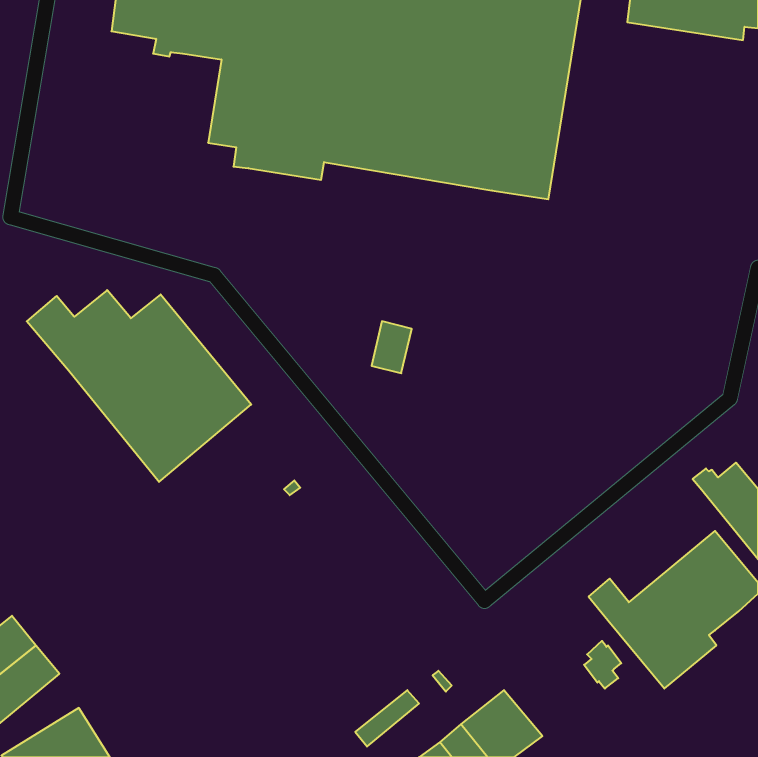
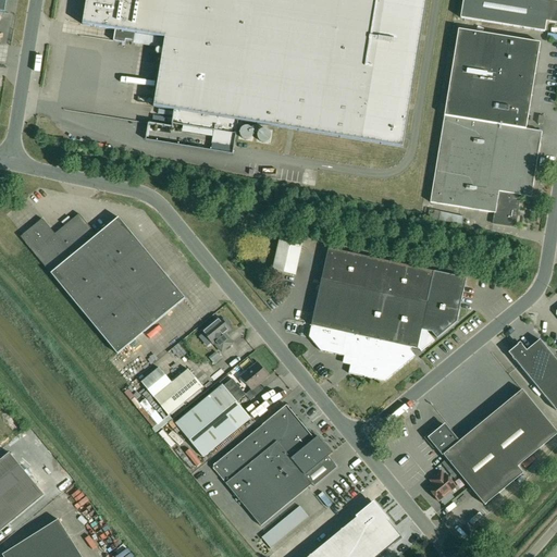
building: none -> [429,27,541,226]
building: none -> [308,246,466,380]
building: none -> [201,315,232,350]
building: none -> [174,361,268,455]
building: none -> [140,366,201,412]
building: none -> [212,405,337,524]

